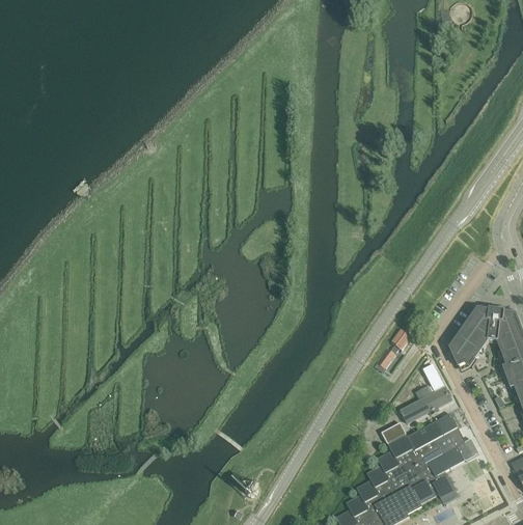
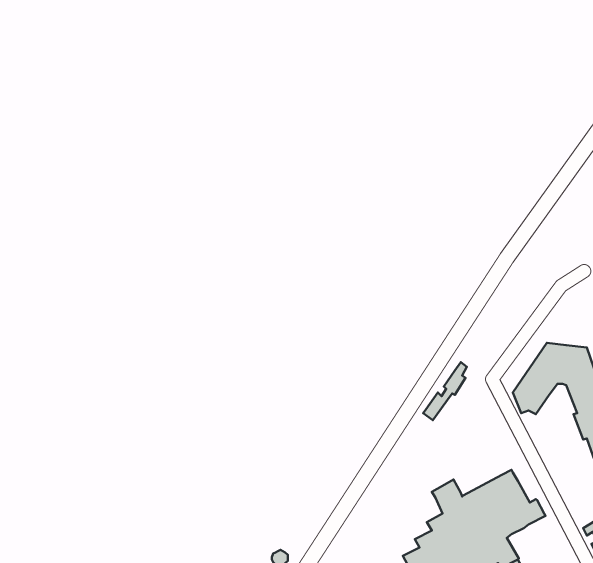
building: [401,365,452,422] -> none

